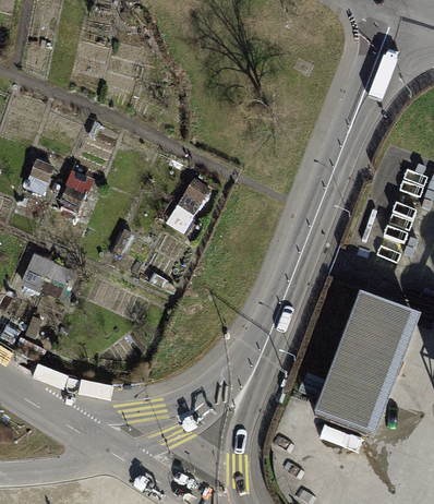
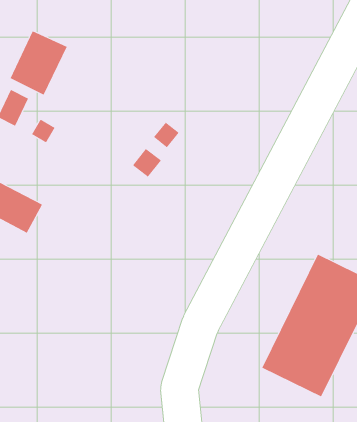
building: none -> [10,30,68,95]

